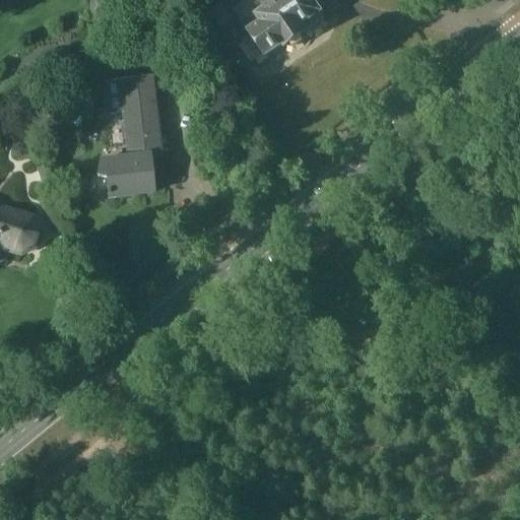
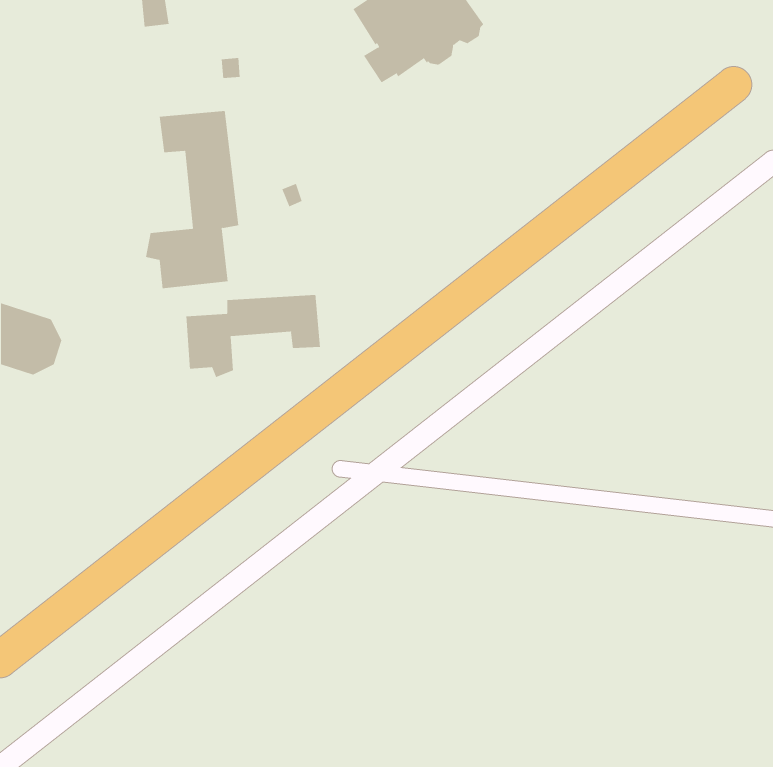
building: none -> [186,294,321,378]

